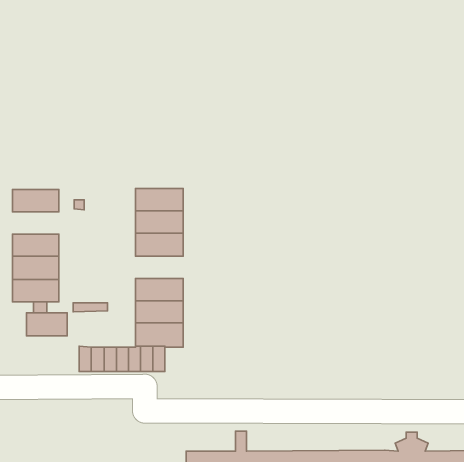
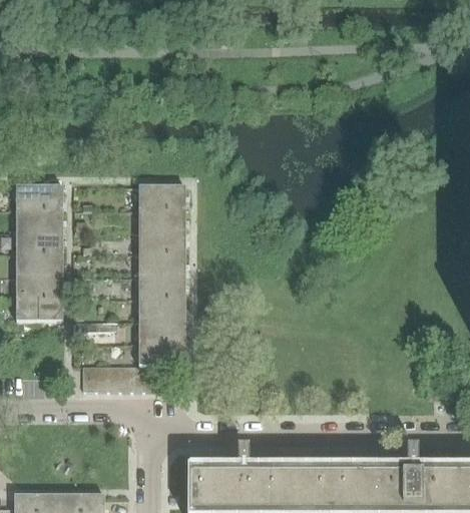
building: none -> [17,186,63,209]
building: none -> [139,186,186,208]
building: none -> [17,231,63,253]
building: none -> [139,276,186,298]
building: [27,313,67,336] -> none

